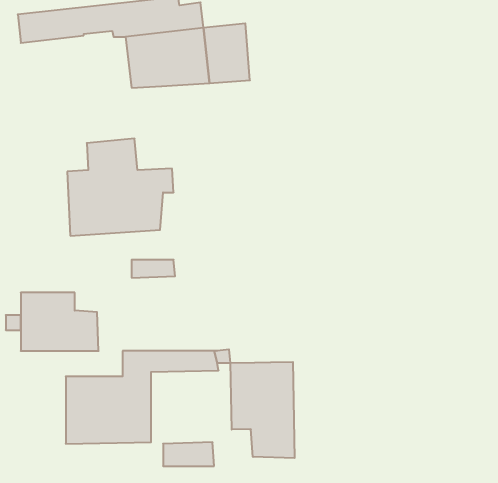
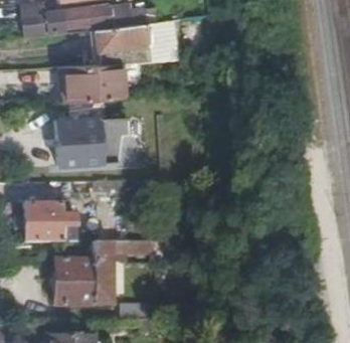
building: none -> [63,63,121,102]
building: [231,362,295,458] -> none

